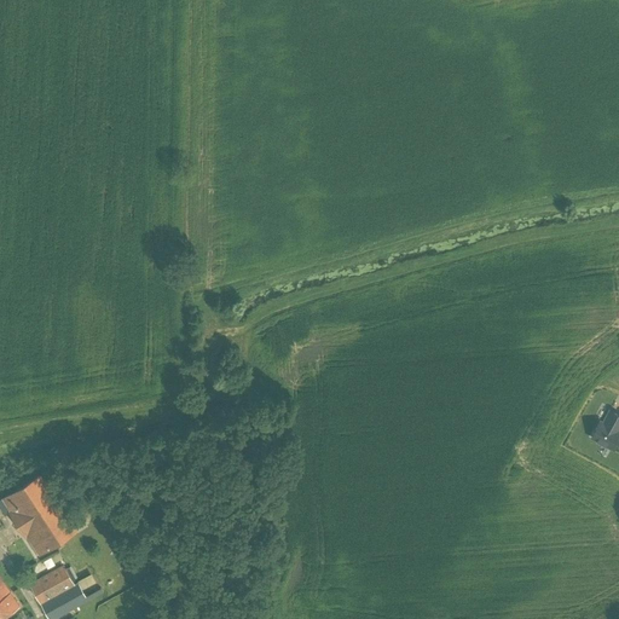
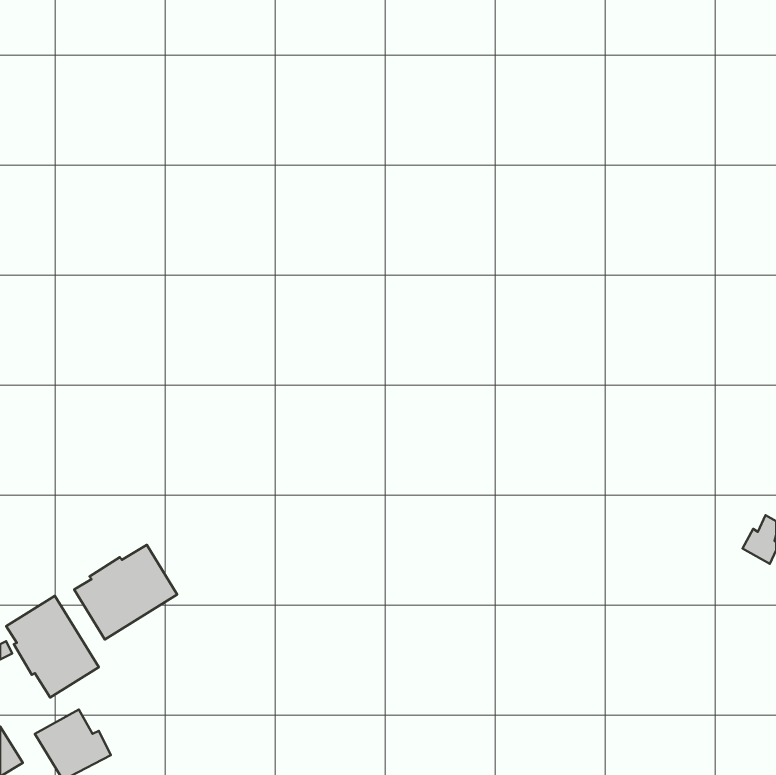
building: none -> [74,545,177,639]

